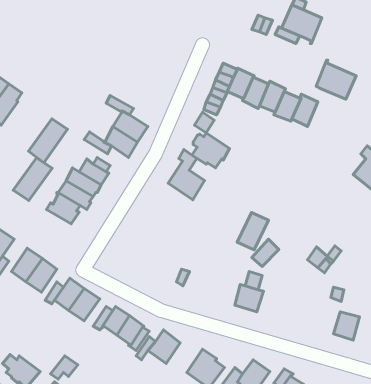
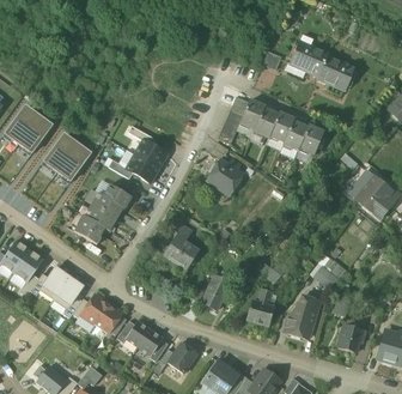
building: [316,60,356,99] -> [317,54,354,90]
building: [168,149,205,200] -> [164,223,197,269]
building: [13,158,52,201] -> [42,138,78,177]
building: [237,212,268,250] -> [201,275,230,310]
building: none -> [284,297,318,339]

